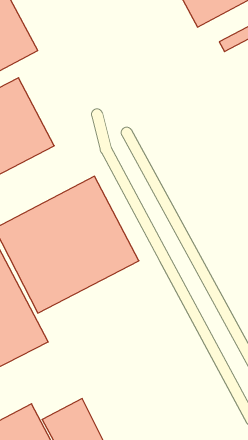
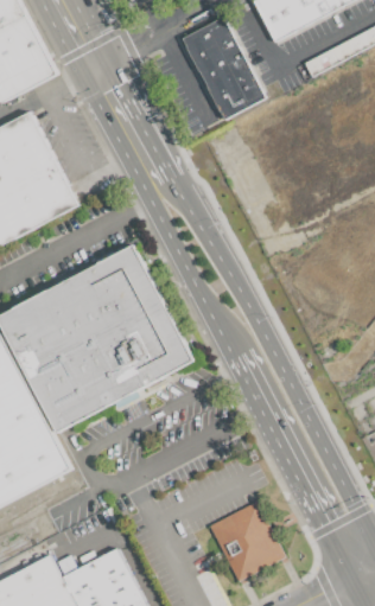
building: none -> [180,15,265,120]
building: none -> [208,500,285,581]

